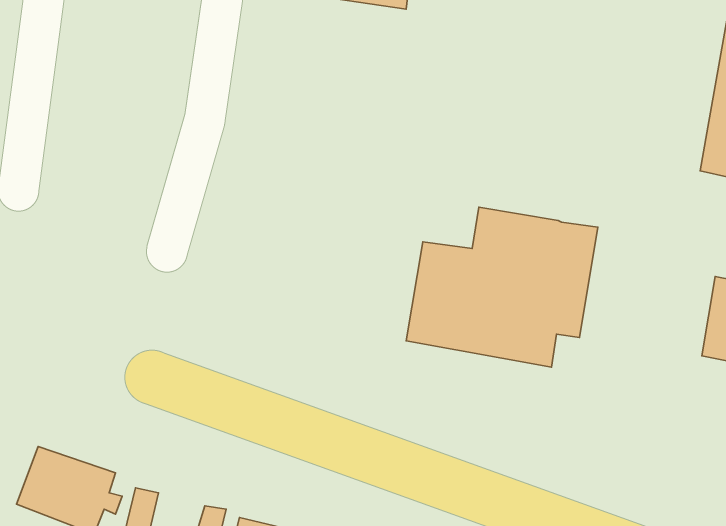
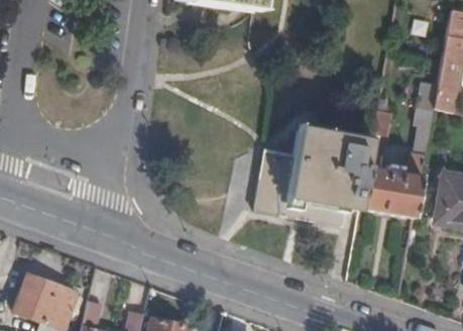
building: none -> [360,83,438,219]

